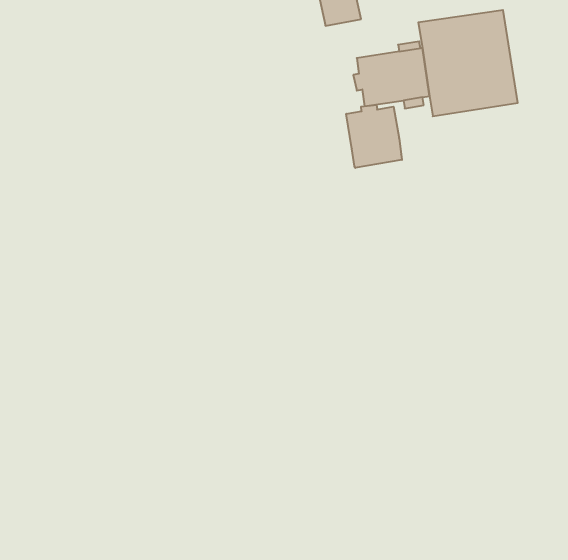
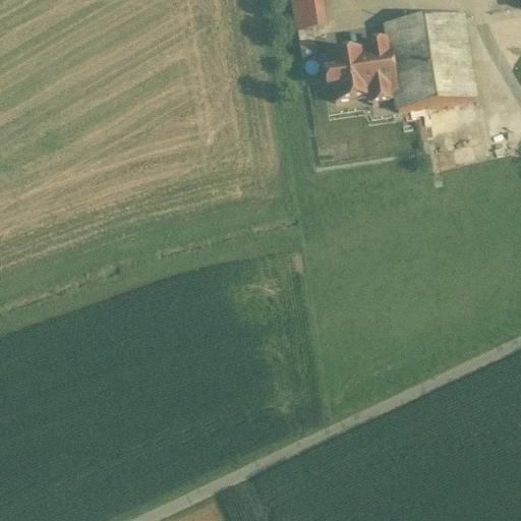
building: [346,105,402,168] -> none

